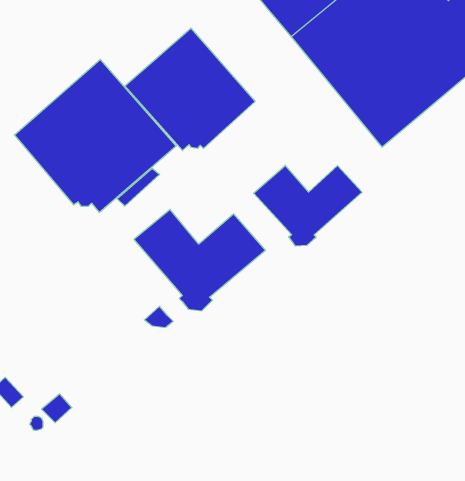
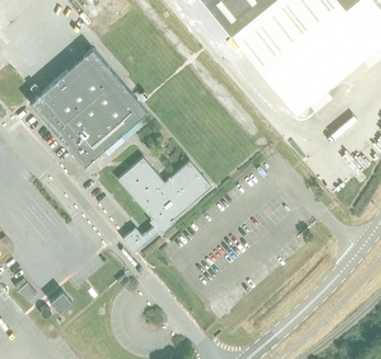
building: [125,28,255,151] -> none
building: [254,165,362,246] -> none

